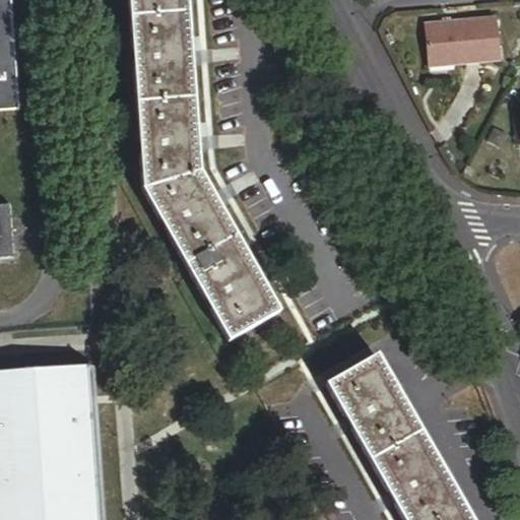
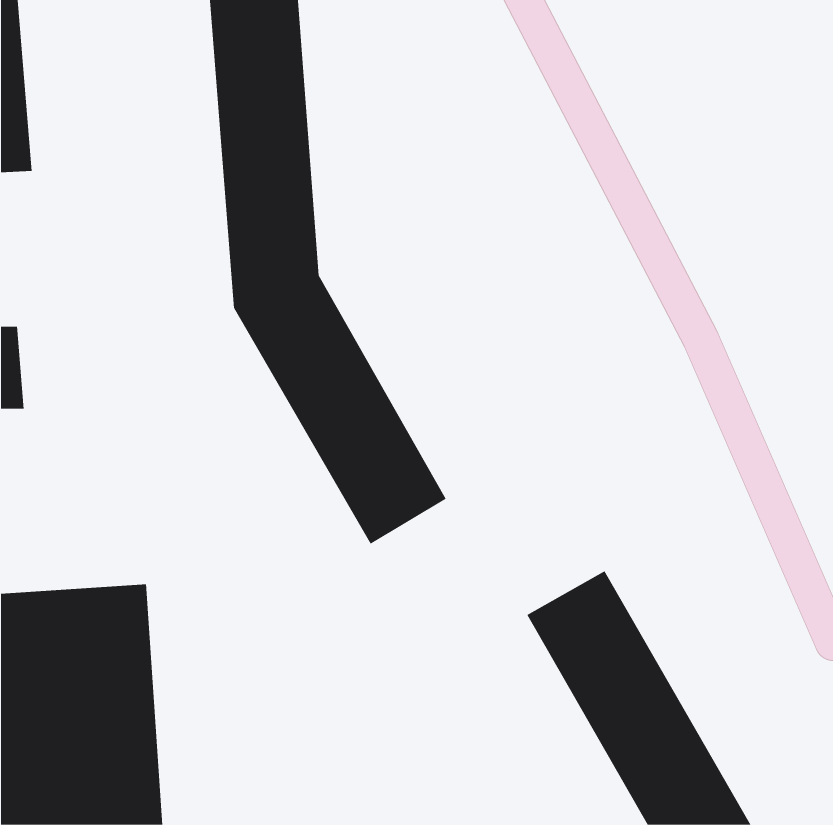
building: [428,15,501,64] -> none

